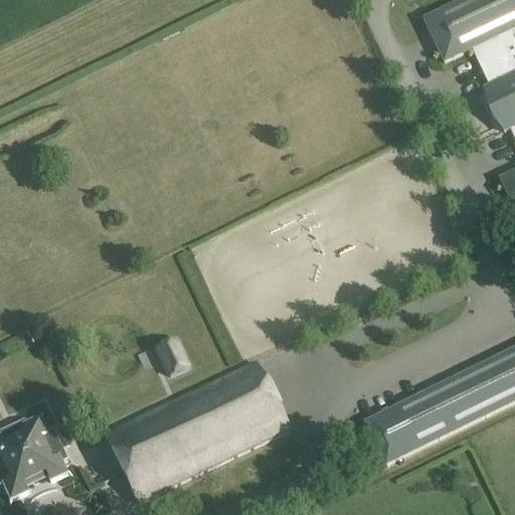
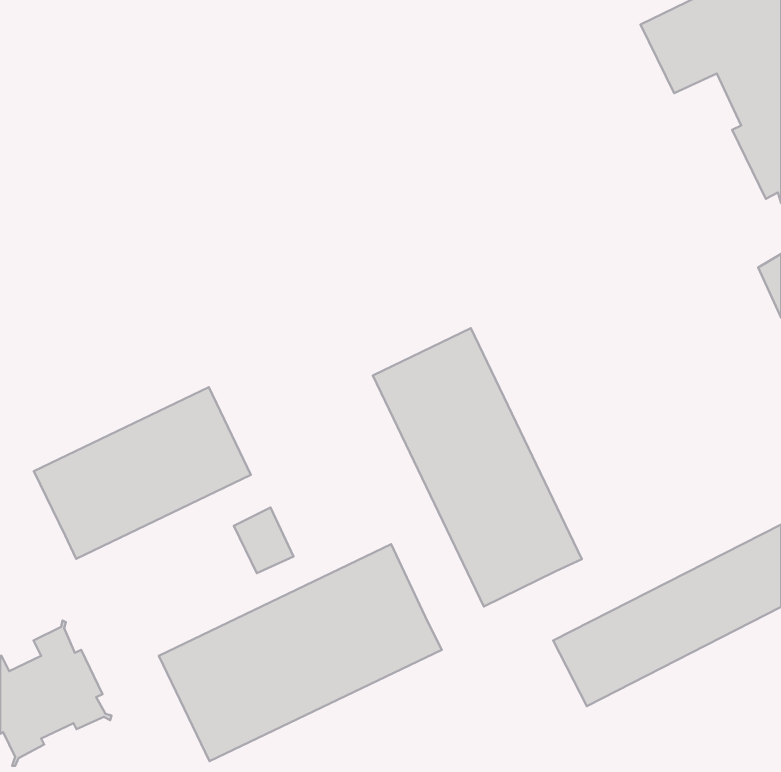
building: none -> [373,328,582,606]
building: none -> [34,387,251,559]

